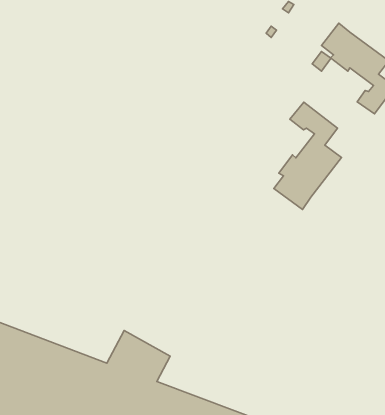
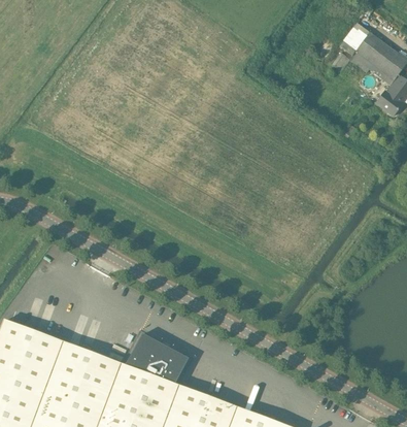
building: [274,102,342,210] -> none

